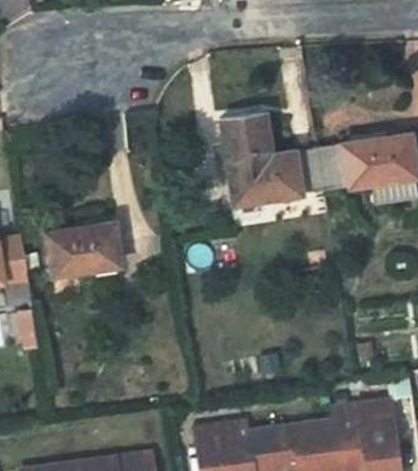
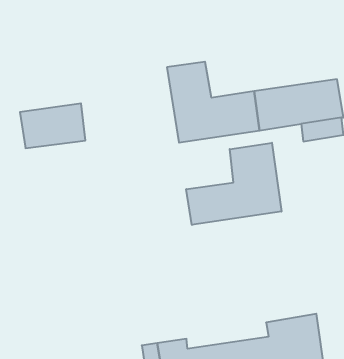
building: none -> [186,143,281,225]
building: [50,225,122,274] -> [20,103,85,148]

